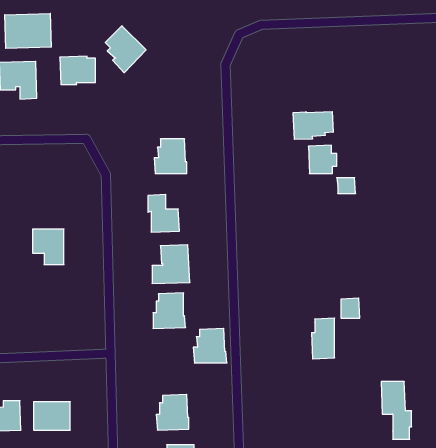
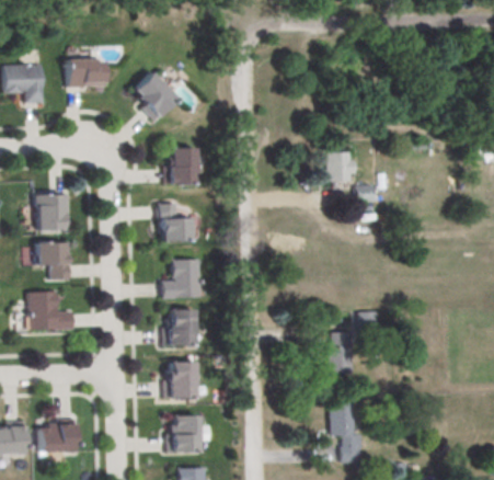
building: [5,13,51,48] -> none
building: [105,26,146,73] -> [134,70,176,119]
building: [293,112,333,139] -> none
building: none -> [36,192,68,230]
building: none -> [28,290,73,330]
building: [193,328,227,363] -> [163,361,198,397]
building: [381,382,412,439] -> [330,405,361,466]

